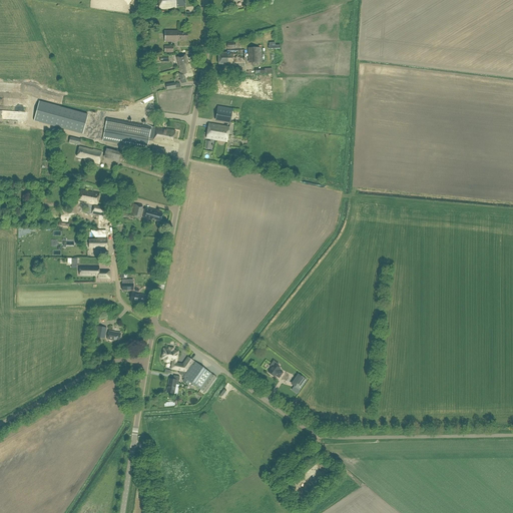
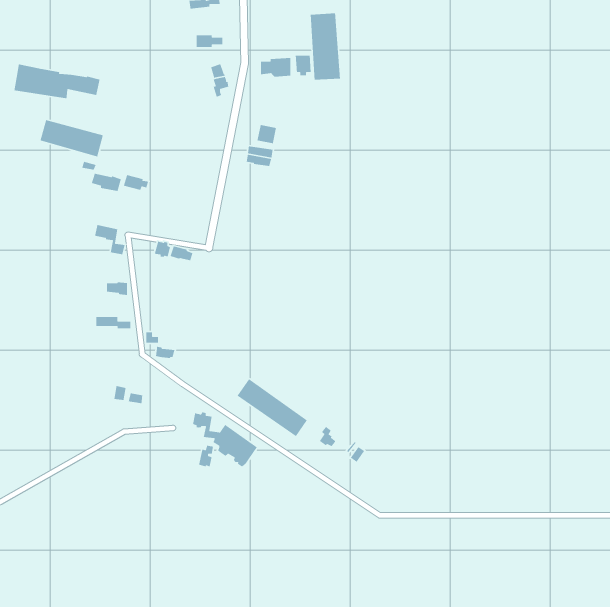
building: none -> [310,12,341,81]
building: [102,116,175,146] -> [13,64,101,99]
building: none -> [236,378,308,437]

